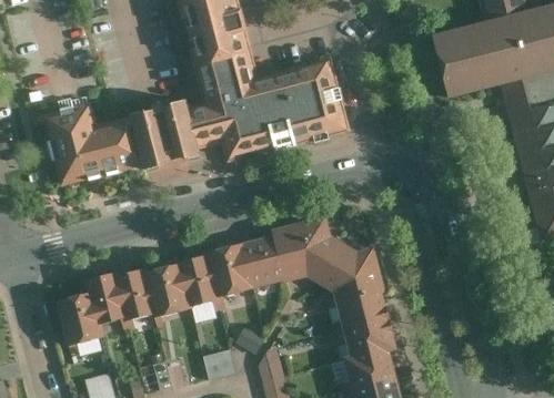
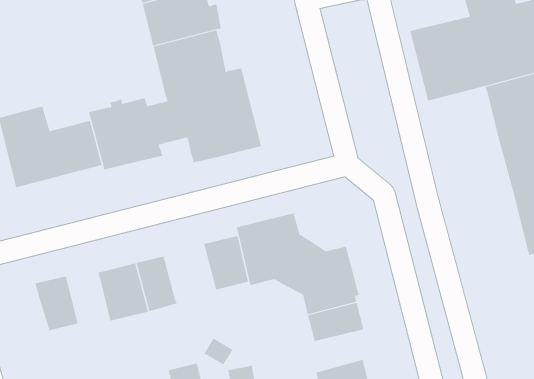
building: [274,60,353,147] -> none
building: [202,238,250,292] -> none
building: [111,263,151,315] -> none
building: [53,287,99,340] -> none
building: [341,318,395,358] -> none

